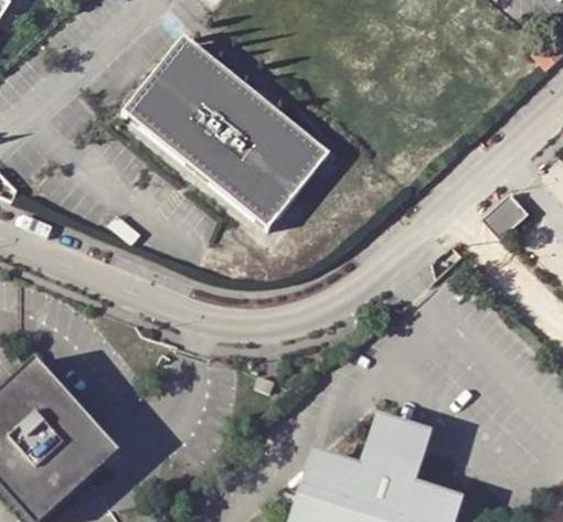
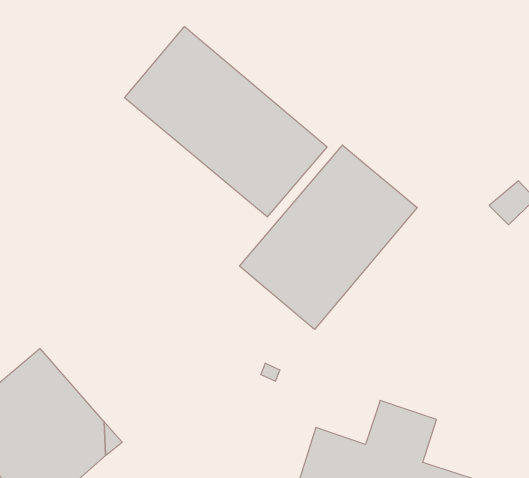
building: none -> [239,145,417,329]

